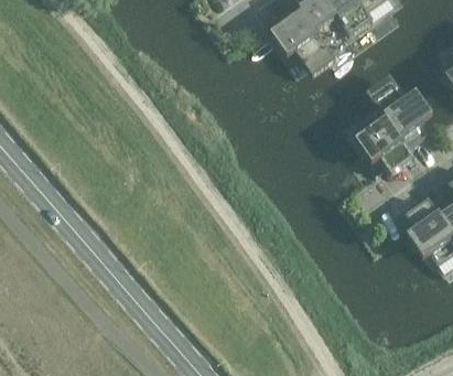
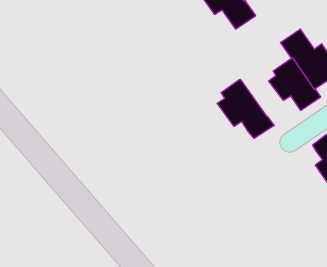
building: none -> [217,79,274,138]

